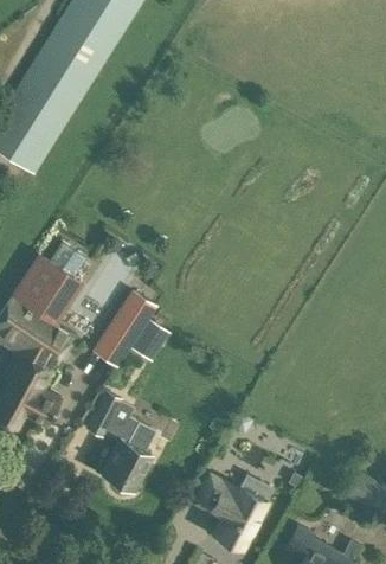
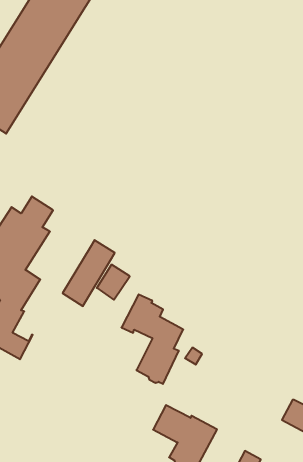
building: [88,391,156,491] -> [121,294,183,384]

